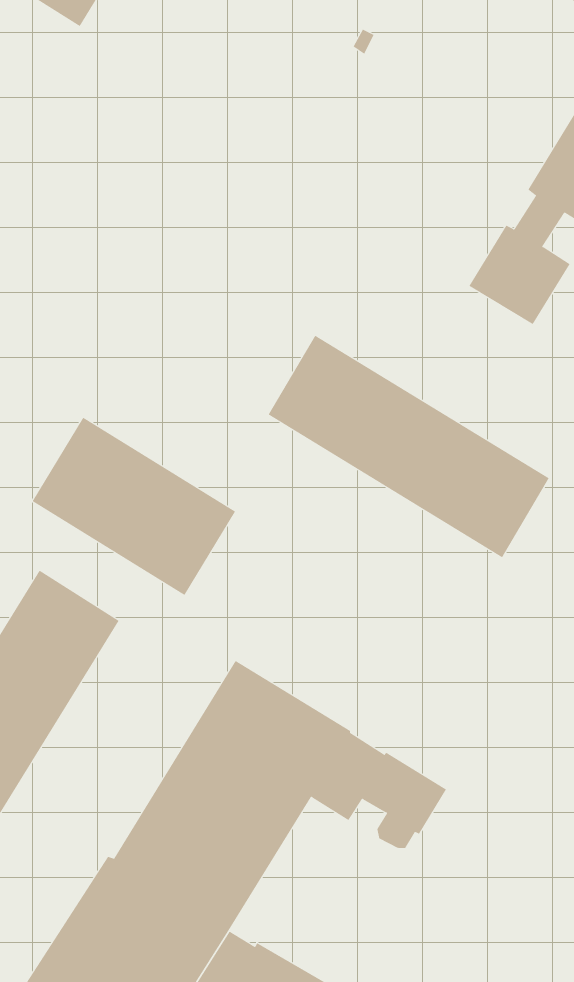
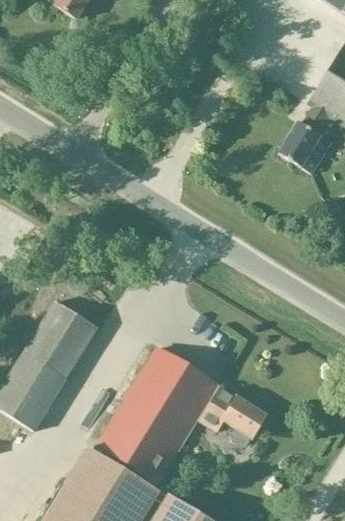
building: [268,335,550,558] -> none
building: [32,417,236,596] -> none

